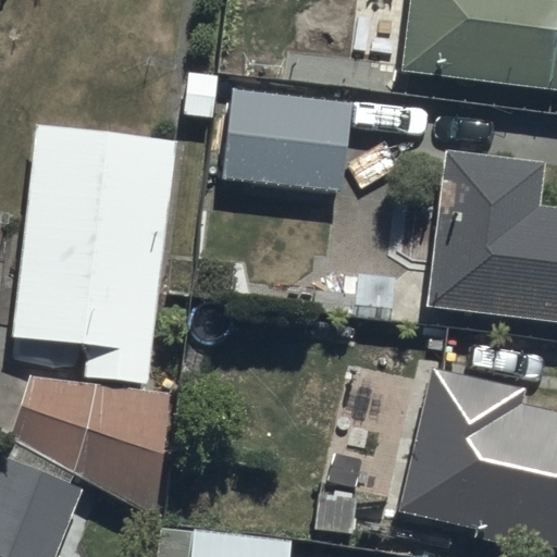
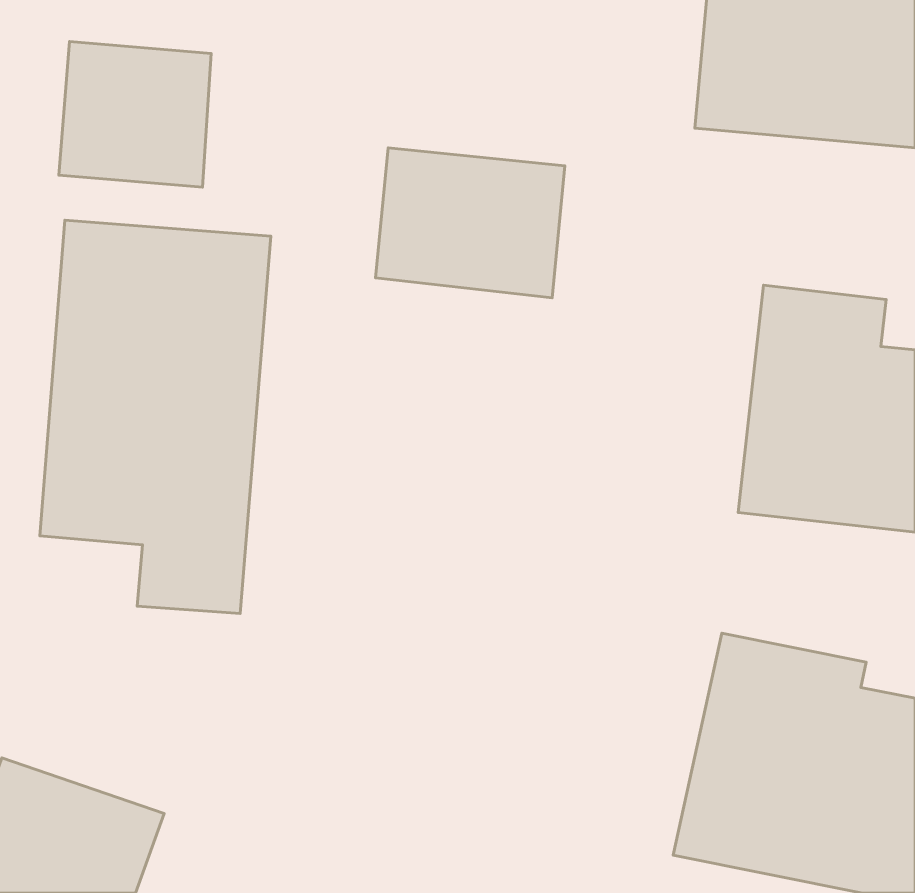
building: none -> [59,42,211,187]
building: [22,376,162,511] -> none

